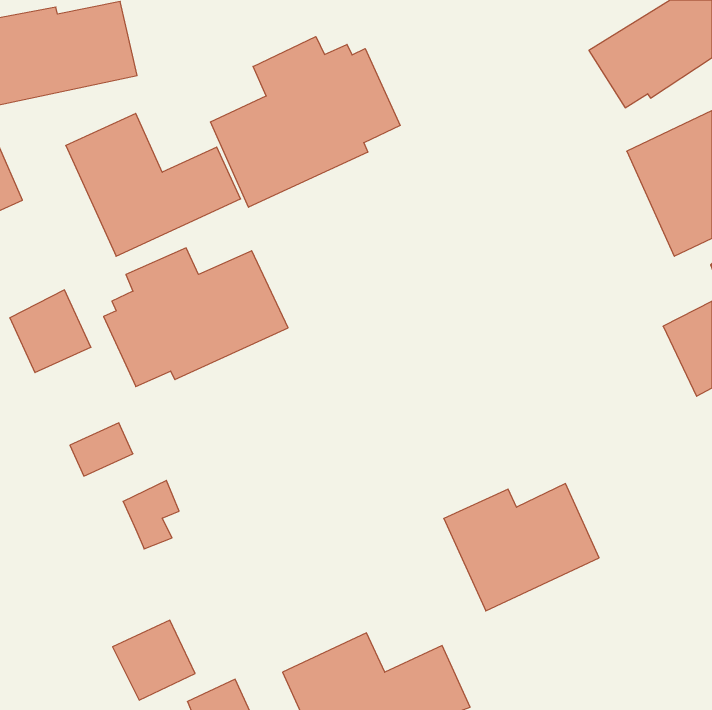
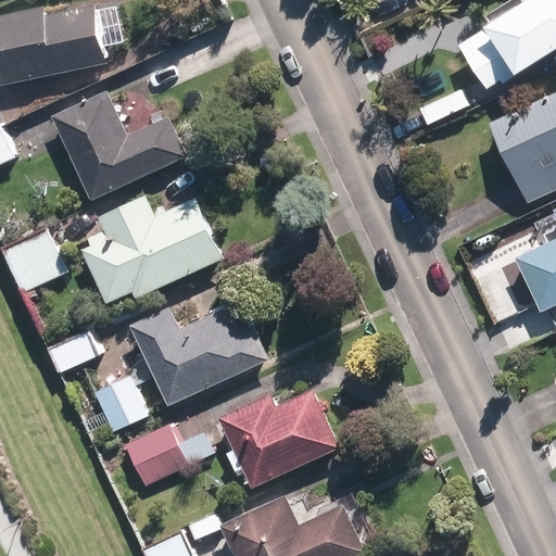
building: [211,37,400,207] -> none
building: none -> [129,306,268,407]
building: [444,484,599,611] -> [218,390,339,489]
building: [113,620,195,700] -> [126,424,190,485]

